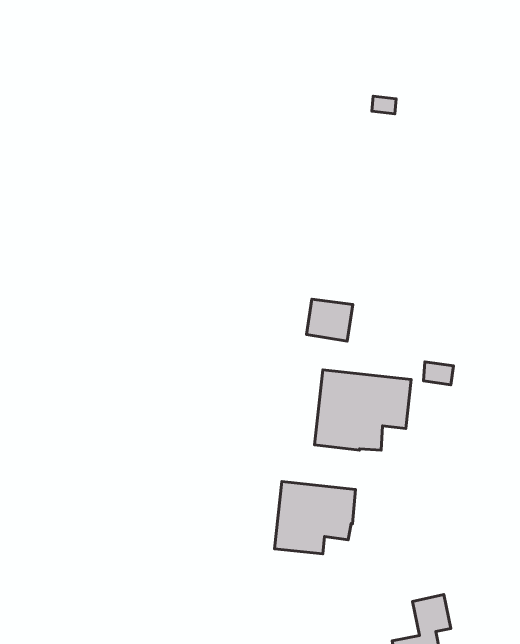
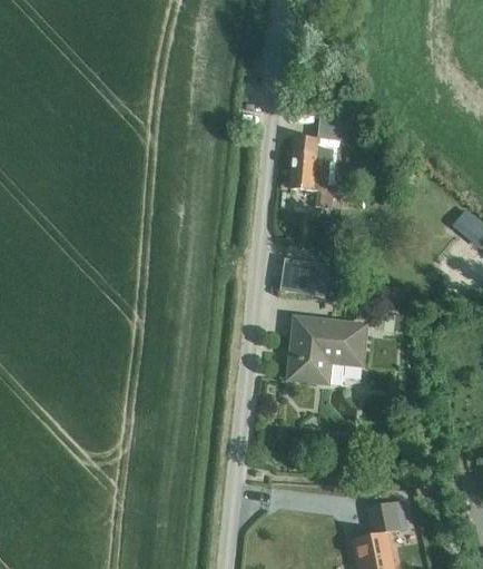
building: none -> [290,128,339,206]
building: [274,482,356,554] -> none

